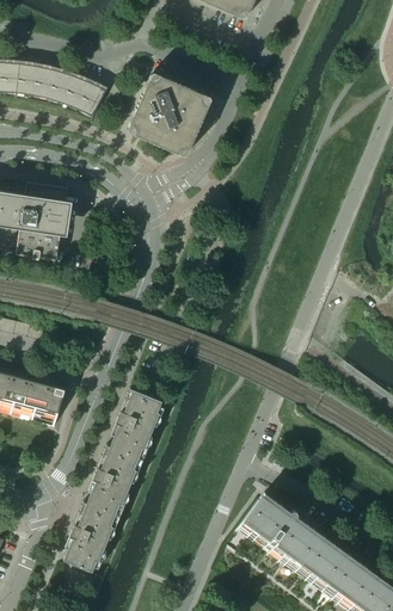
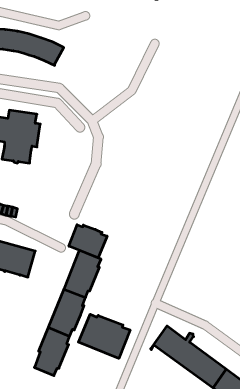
building: [129,72,213,155] -> none
building: none -> [69,225,107,258]
building: none -> [78,314,130,358]

